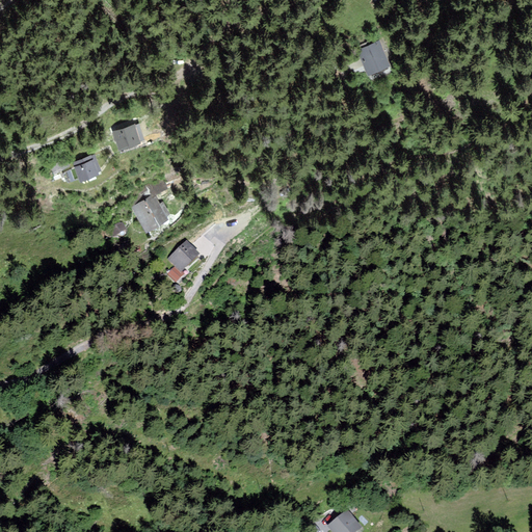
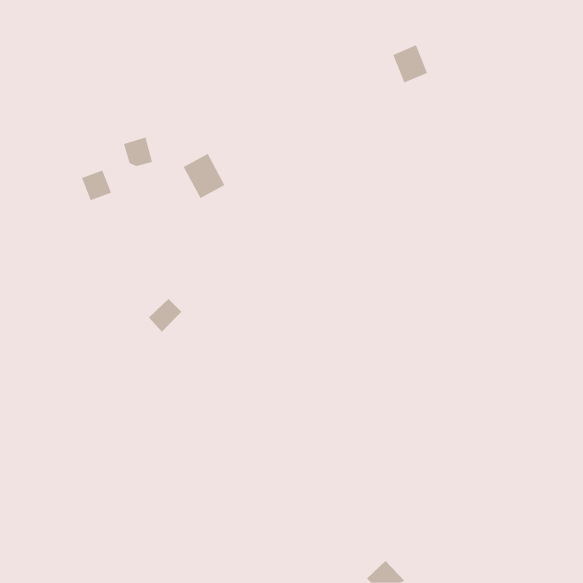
building: [132,192,170,234] -> [183,153,225,199]
building: [167,241,198,272] -> [148,298,182,332]

